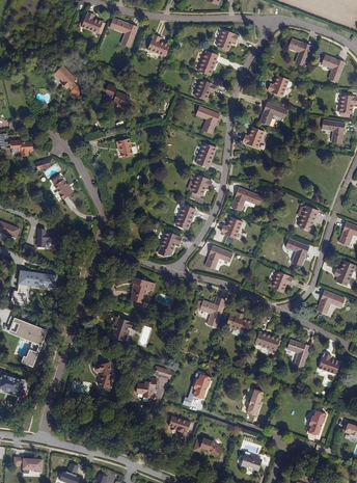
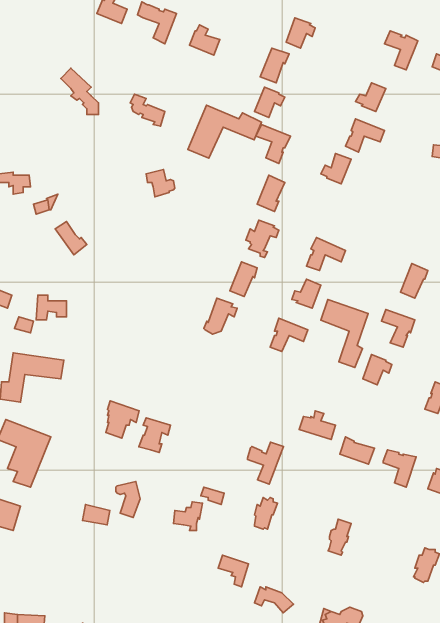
building: none -> [188,105,262,158]
building: none -> [321,299,368,367]
building: [130,276,154,303] -> [106,401,139,438]
building: [199,297,225,327] -> [248,442,284,484]

